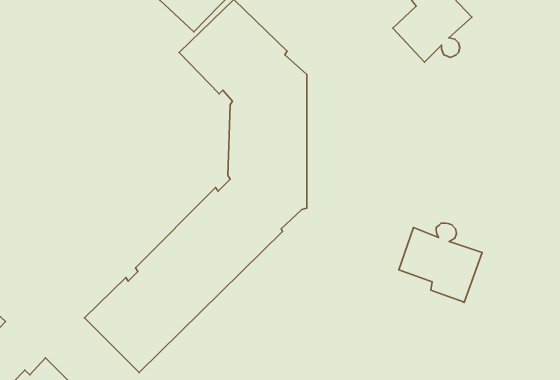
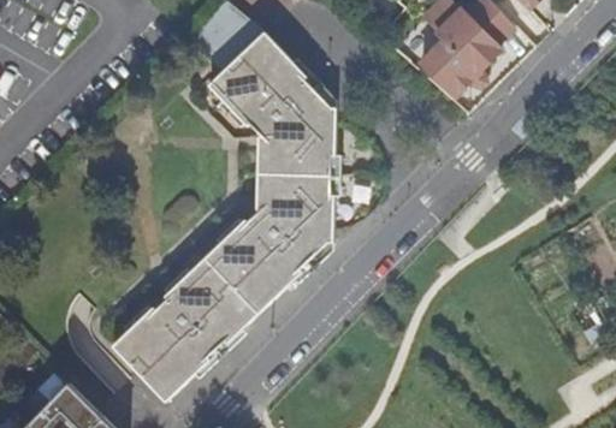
building: [399,223,482,302] -> none

